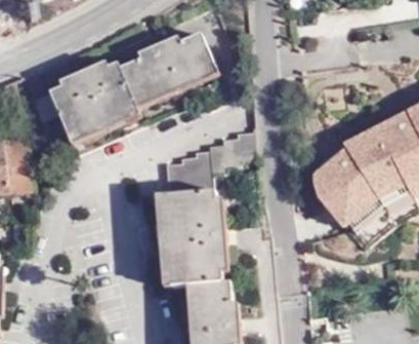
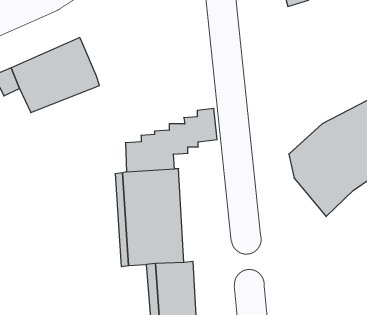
building: [122,30,218,97] -> none

